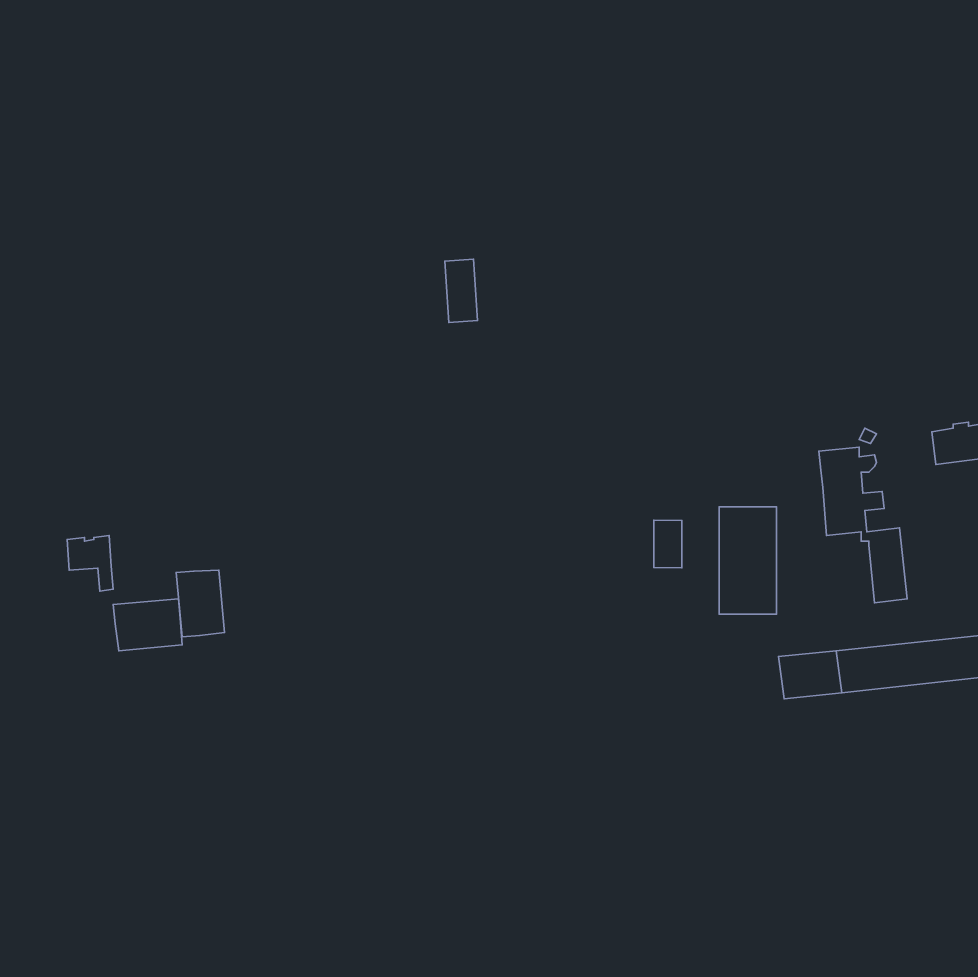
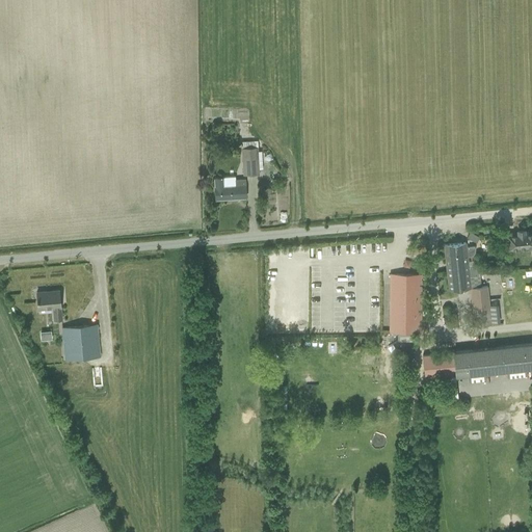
building: none -> [215,178,247,202]
building: [654,520,682,568] -> none
building: [176,570,225,637] -> none

